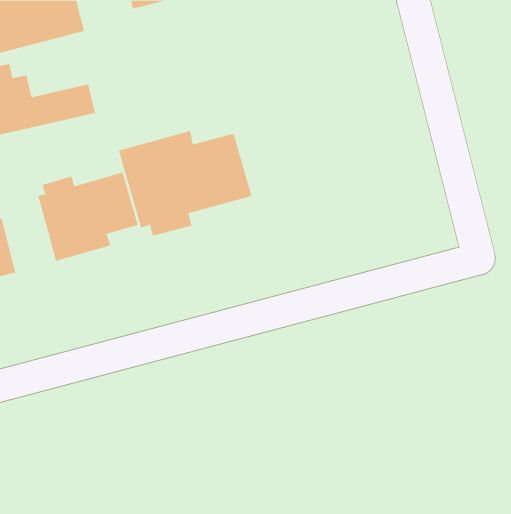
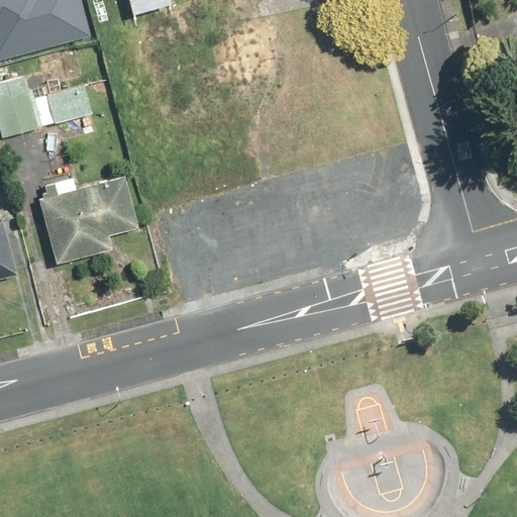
building: [118,130,252,237] -> none

